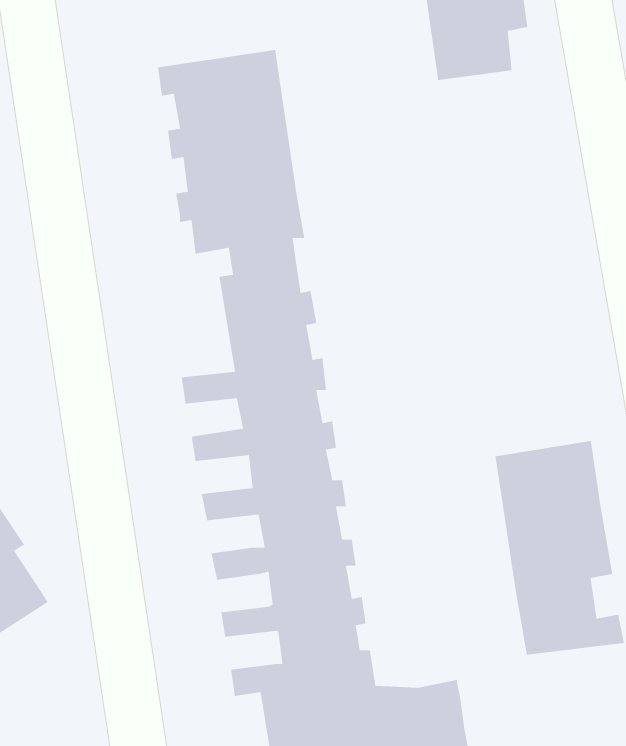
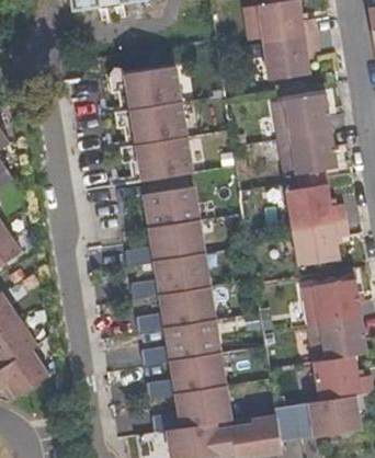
building: none -> [270,96,345,270]
building: none -> [276,398,357,443]

